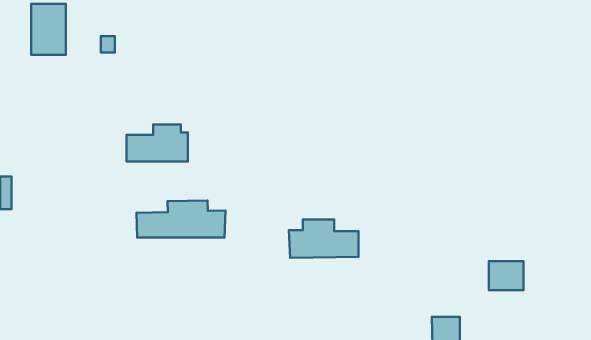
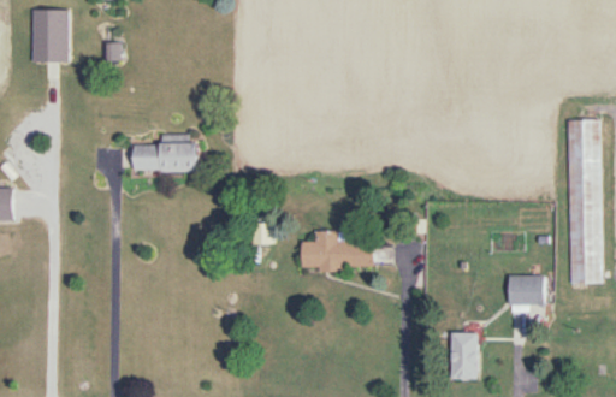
building: none -> [569,118,602,284]
building: [137,201,226,238] -> none

